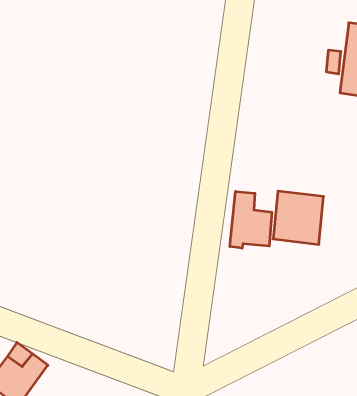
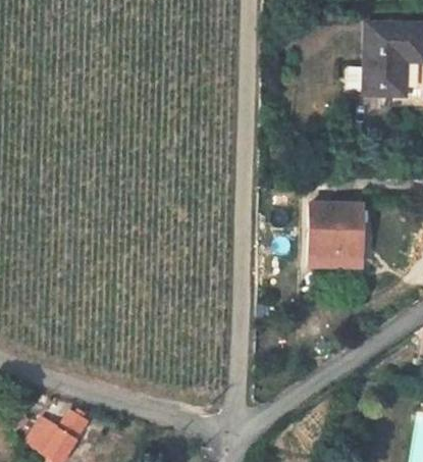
building: [230,191,272,248] -> none

